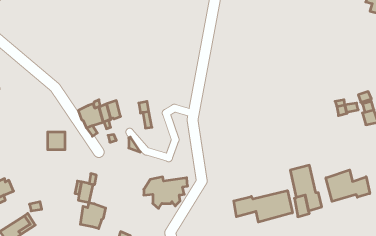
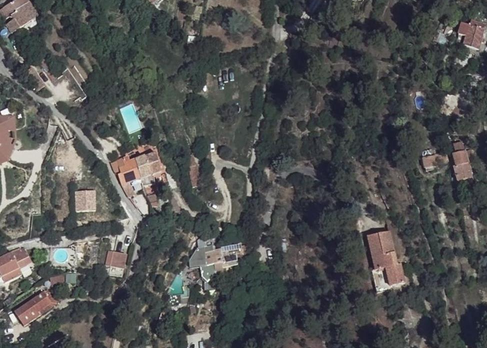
building: [326,170,370,201] -> none
building: [234,191,292,222] -> none
building: [80,203,106,229] -> none

